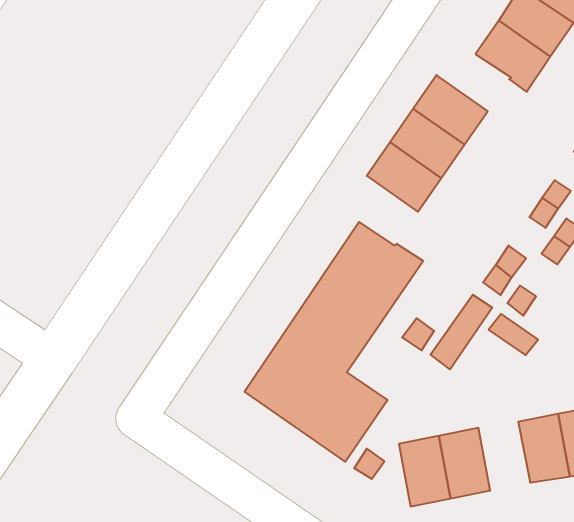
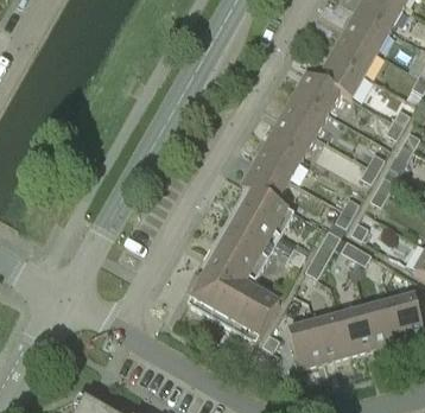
building: none -> [293,69,341,112]
building: none -> [241,159,288,202]
building: none -> [338,307,374,352]

